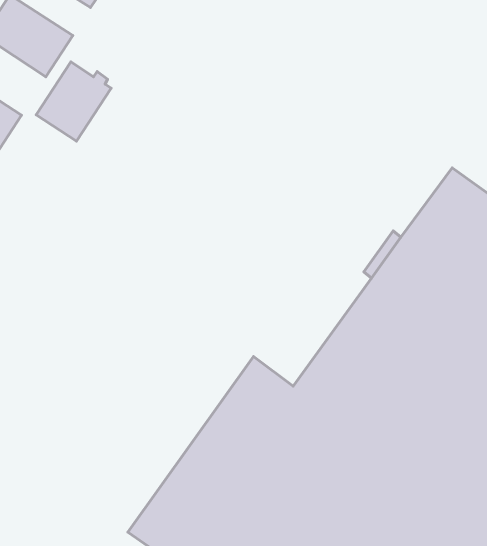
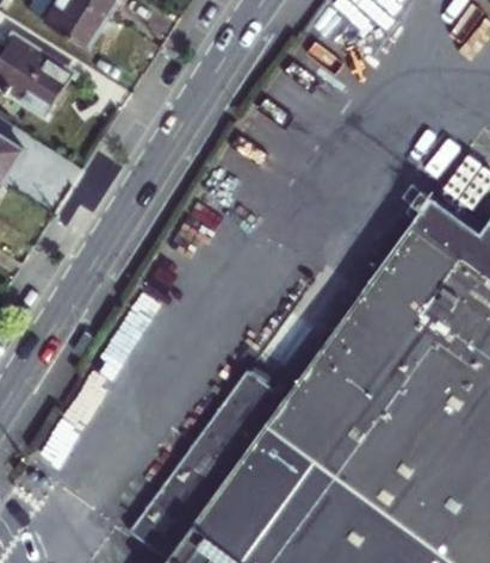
building: [36,62,111,141] -> none

